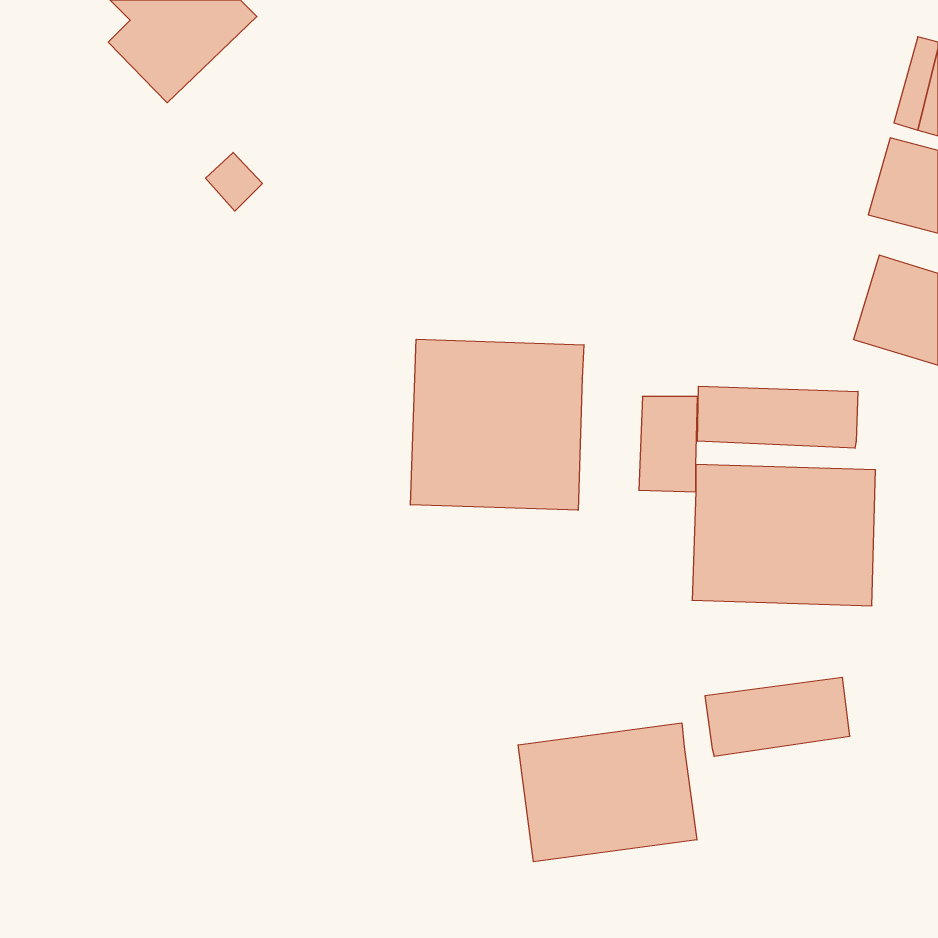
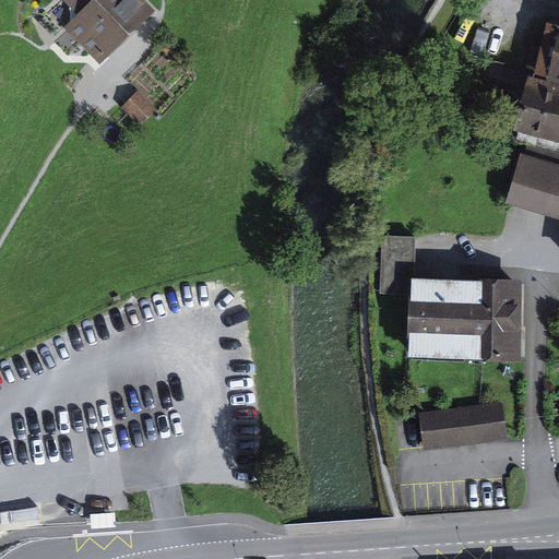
building: [410,339,584,510] -> none
building: [697,386,858,448] -> none
building: [518,723,697,862] -> none

